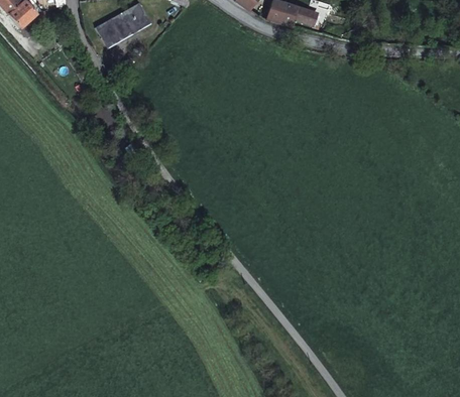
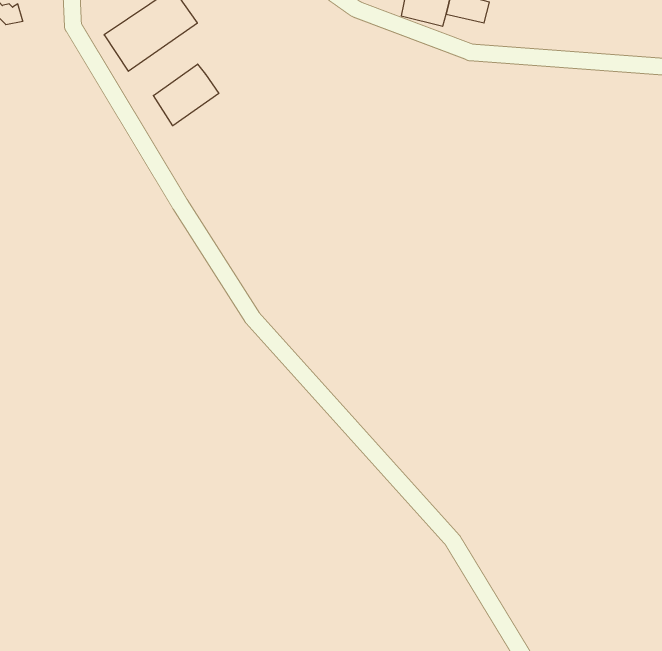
building: none -> [153,64,219,126]

